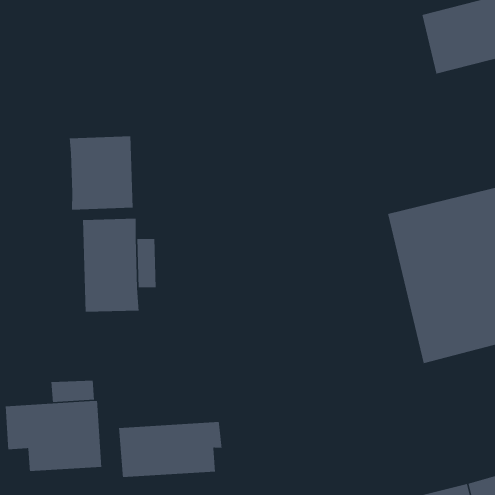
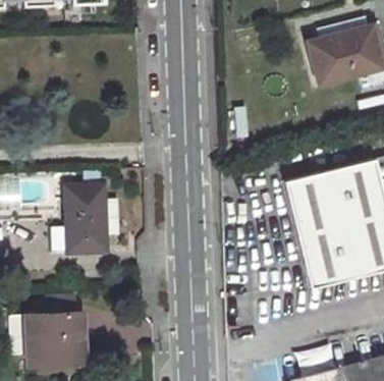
building: [69,136,134,210] -> none
building: [118,421,223,478] -> none

